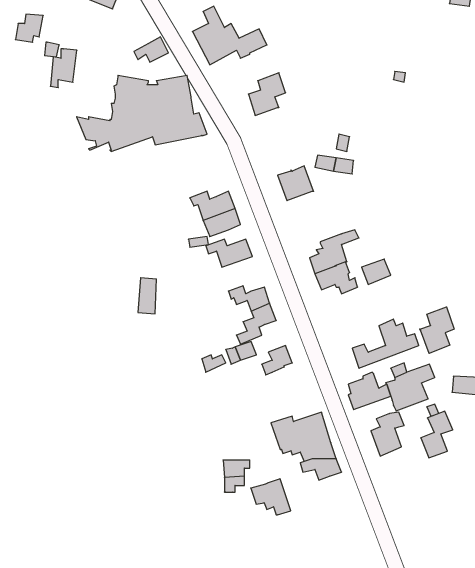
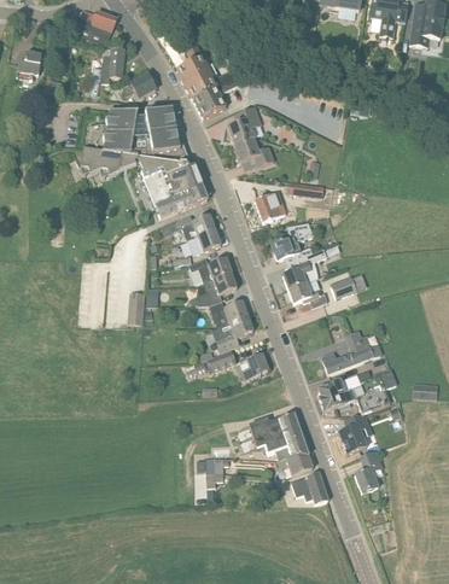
building: [50,49,77,88] -> [101,46,126,81]
building: none -> [193,84,227,117]
building: none -> [234,136,274,165]
building: none -> [144,162,208,216]
building: none -> [272,222,314,258]
building: none -> [189,271,238,304]
building: [420,307,454,353] -> none
building: [421,411,453,458] -> [355,449,384,491]
building: [251,479,291,515] -> [292,471,328,503]

